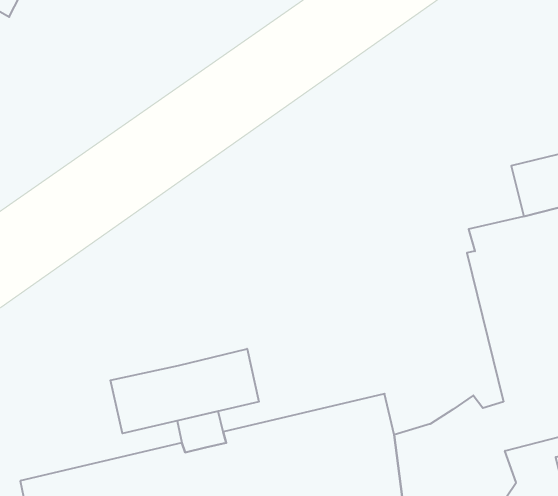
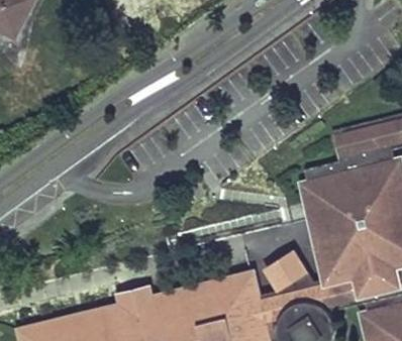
building: [110,349,259,433] -> none
building: none -> [266,252,308,294]

